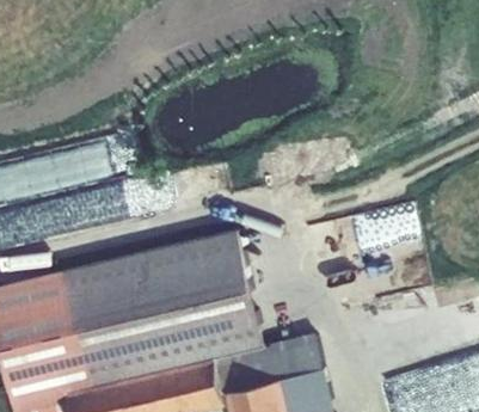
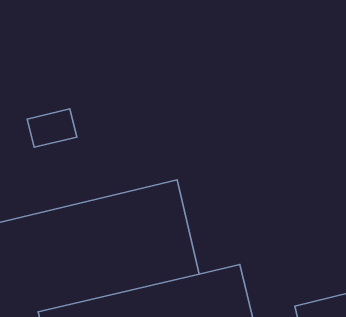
building: none -> [27,109,77,147]

